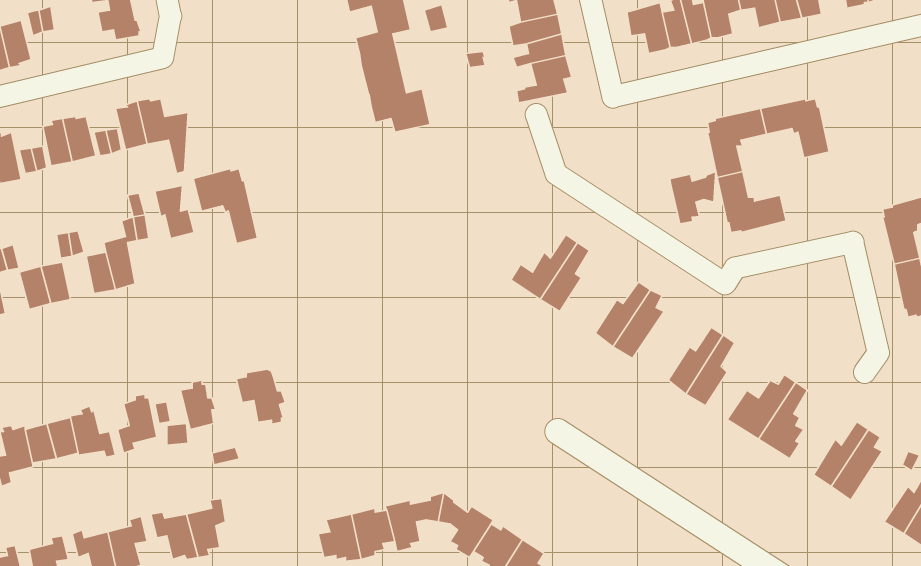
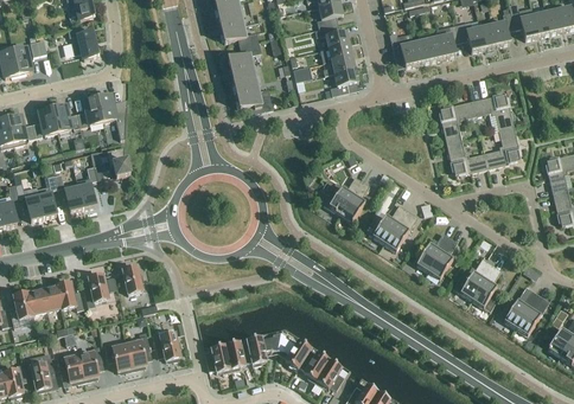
building: none -> [484,126,519,167]
building: [193,168,257,244] -> none
building: [670,172,716,224] -> none
building: [236,369,285,424] -> [152,327,181,360]

